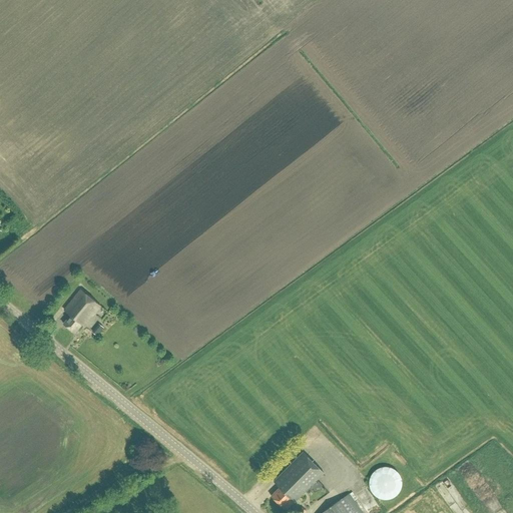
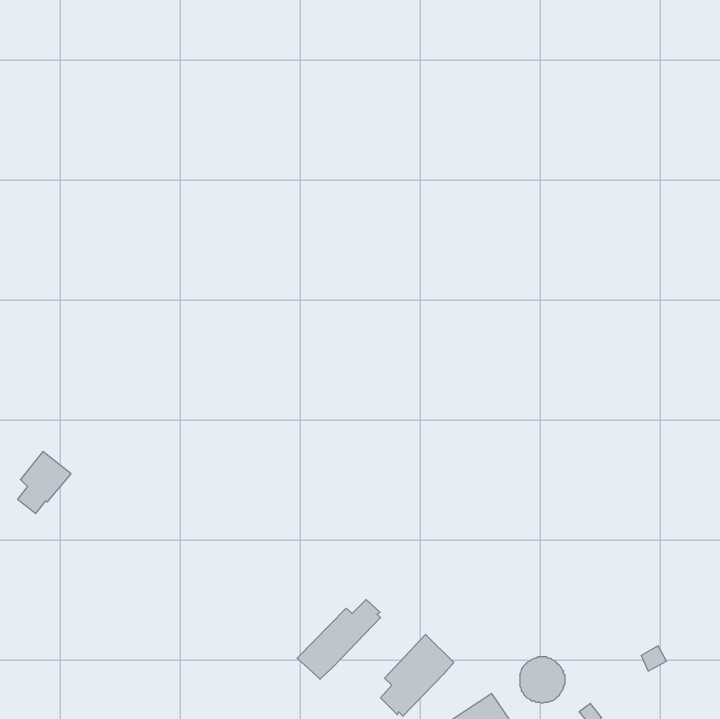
building: [62,290,100,334] -> [18,451,71,513]
building: none -> [297,600,381,679]

